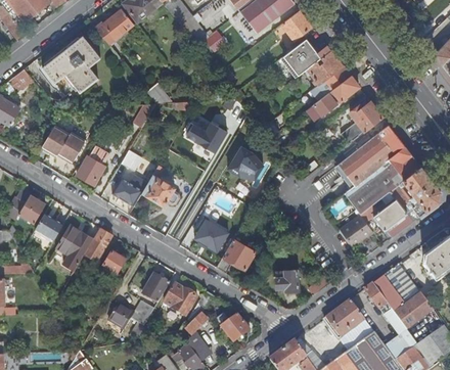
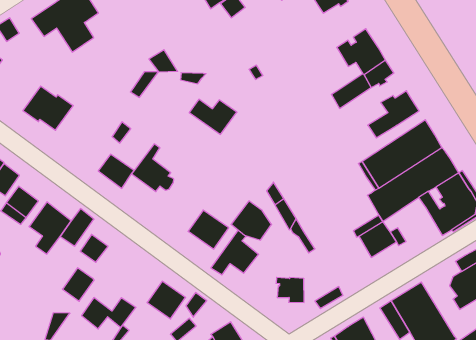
building: [282,38,330,76] -> none
building: [76,145,109,185] -> none
building: [227,146,262,179] -> [231,201,272,240]
building: [373,199,412,237] -> none
building: [142,274,169,303] -> [62,268,94,301]

